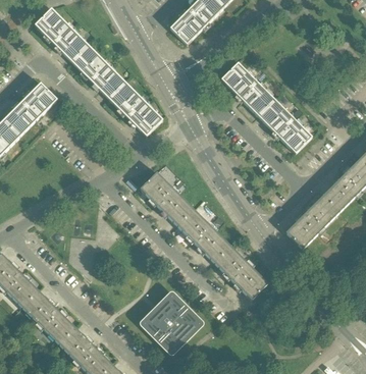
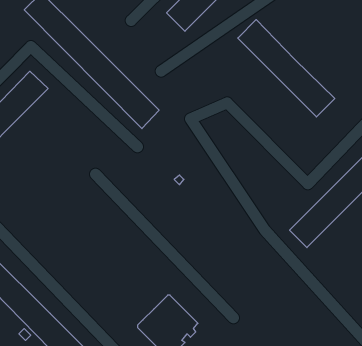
building: [220,62,312,154] -> [238,20,335,117]
building: [140,171,268,300] -> none

